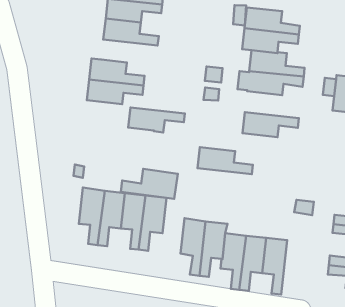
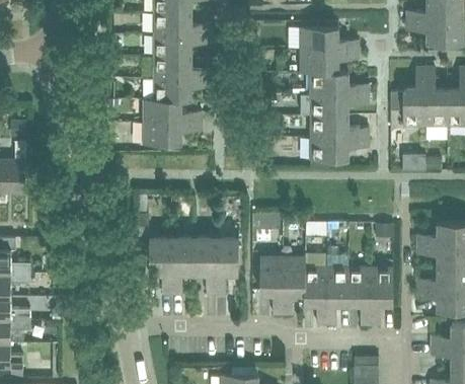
building: [128,107,185,132] -> [154,78,212,100]
building: [198,147,253,174] -> [311,116,369,138]
building: [121,169,178,199] -> none
building: none -> [371,267,393,325]

